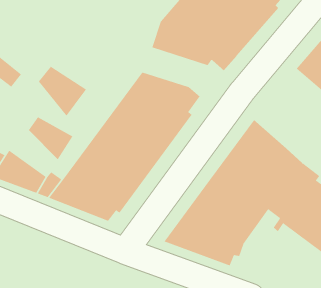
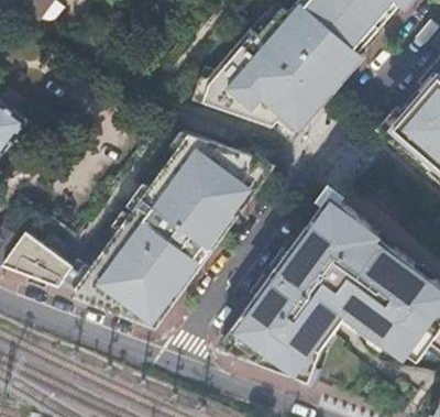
building: [38,66,87,116] -> none
building: [28,116,73,160] -> none

